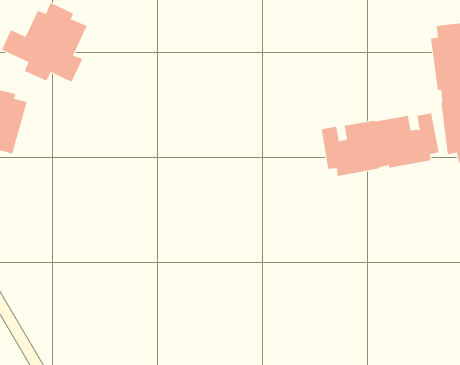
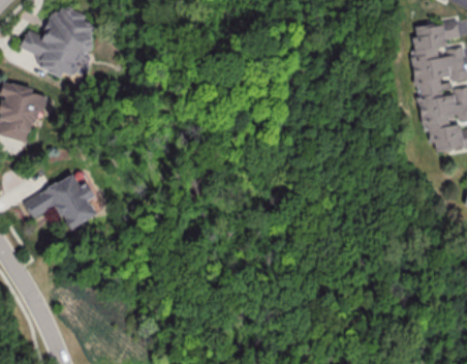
building: [321,112,439,177] -> none
building: none -> [23,175,96,229]

